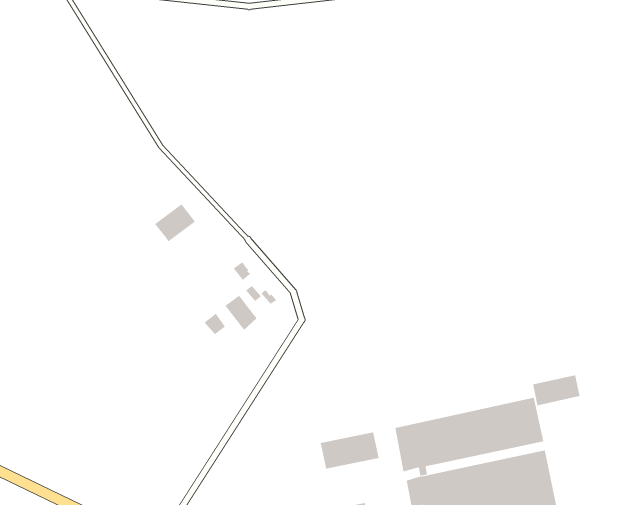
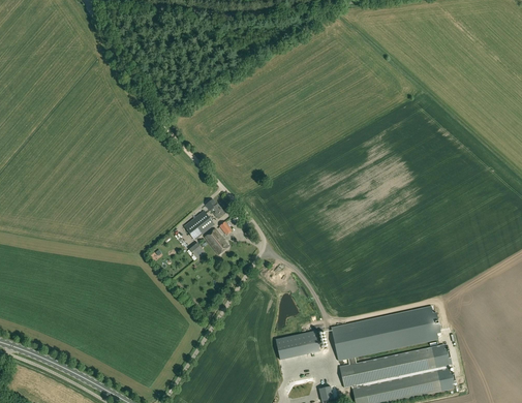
building: [154,203,196,242] -> [183,211,214,240]
building: [532,375,580,406] -> none

